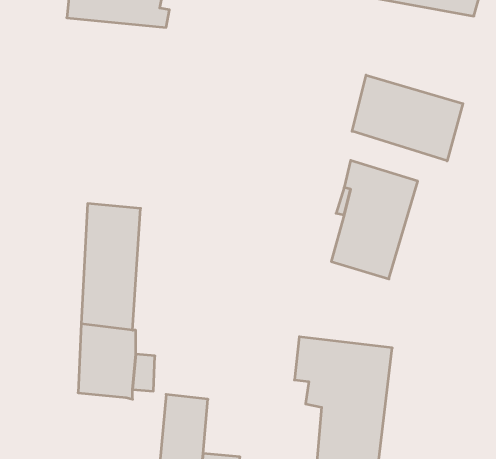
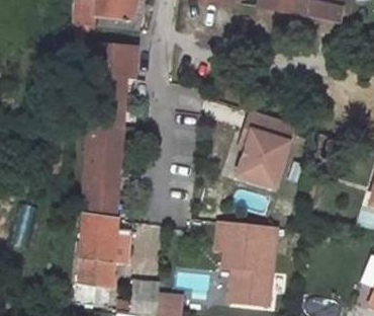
building: none -> [87,44,136,142]
building: [352,75,463,161] -> none
building: none -> [79,258,111,289]

